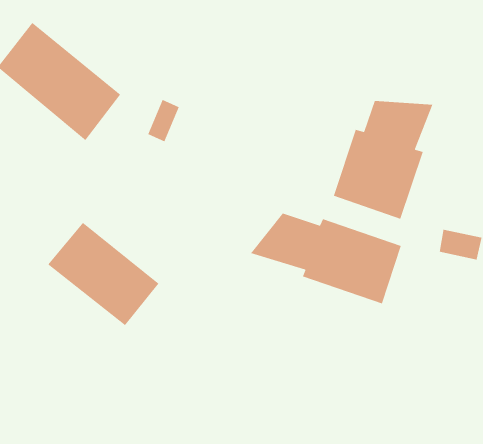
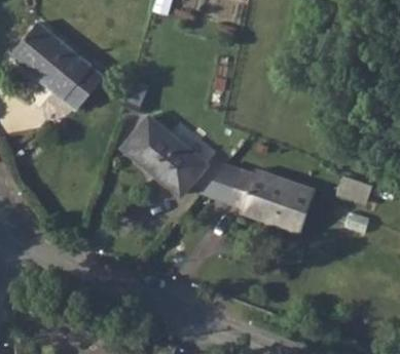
building: [333,100,433,220] -> none
building: [47,222,159,326] -> [122,117,207,195]

